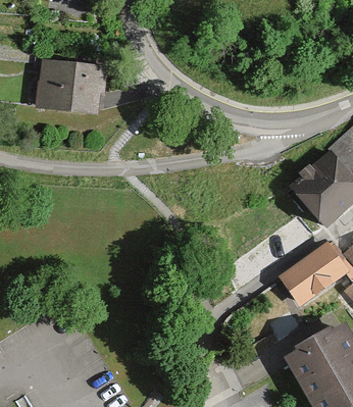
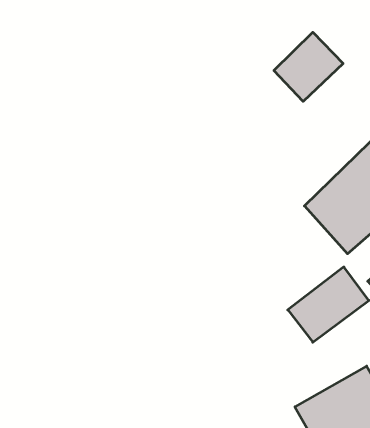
building: none -> [274,32,343,101]
building: [37,58,105,112] -> none

